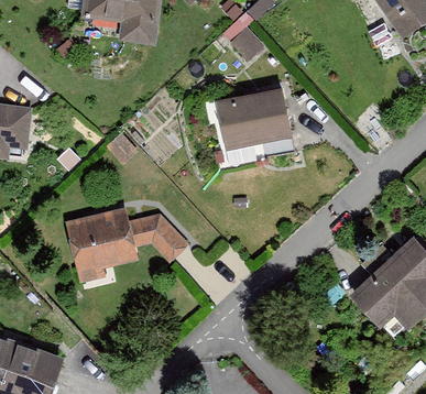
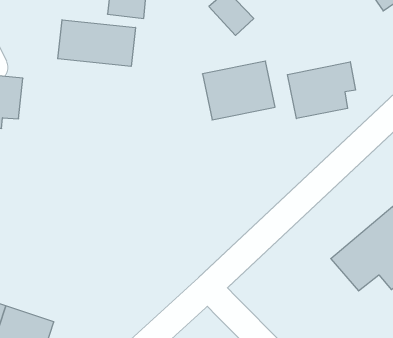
building: none -> [58,20,135,66]
building: none -> [287,62,355,119]
building: [65,209,186,284] -> none

